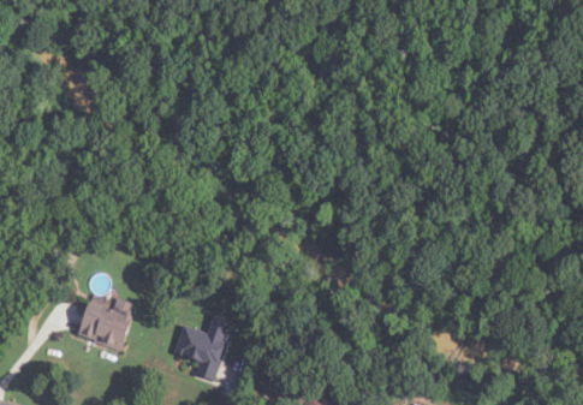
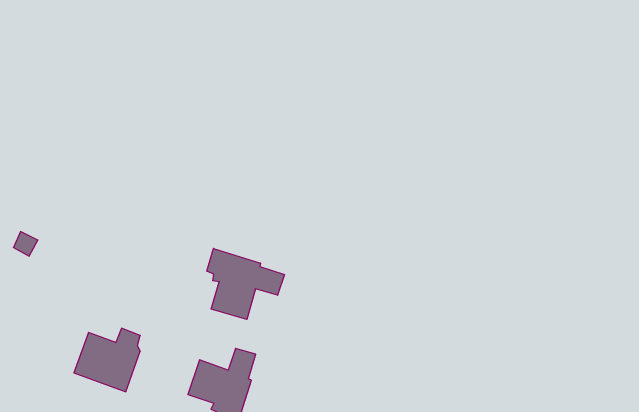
building: none -> [207,248,285,319]

